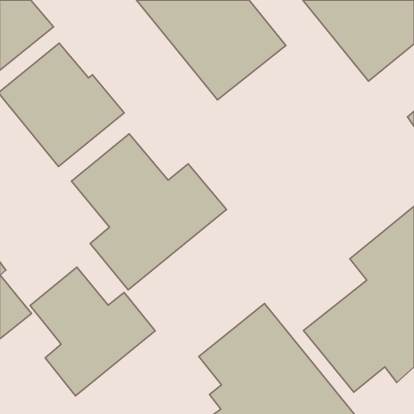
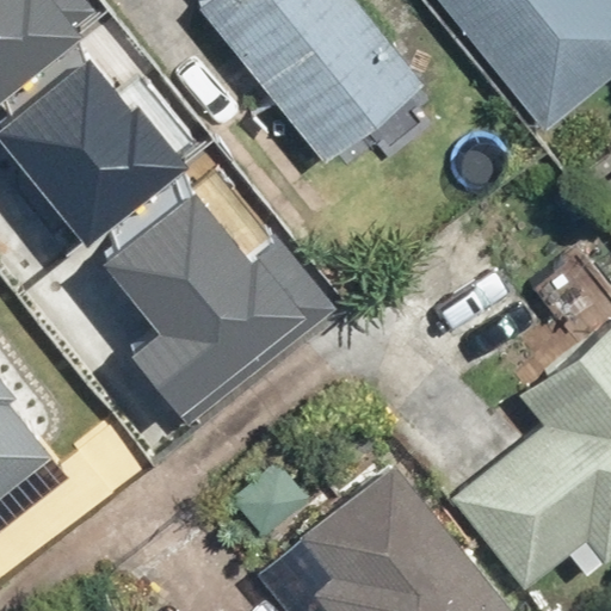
building: [30,267,155,396] -> none

